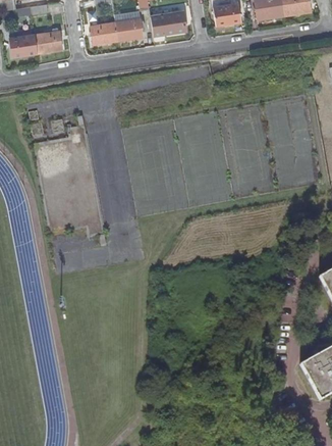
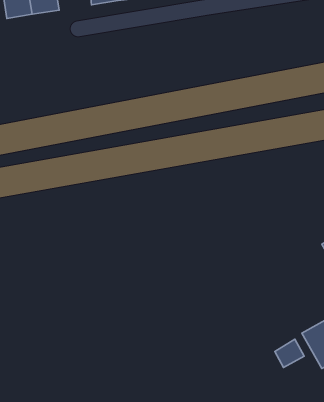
building: none -> [275,339,304,368]

